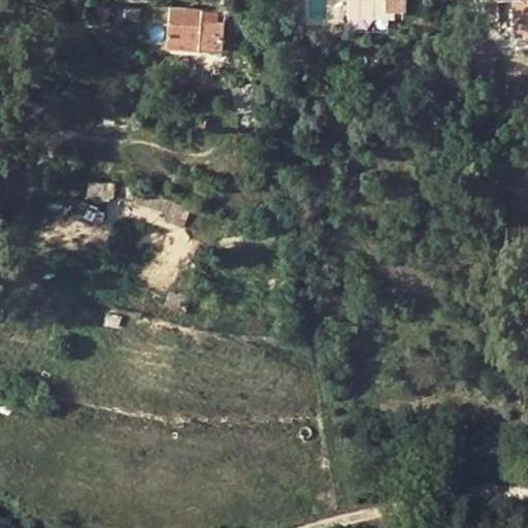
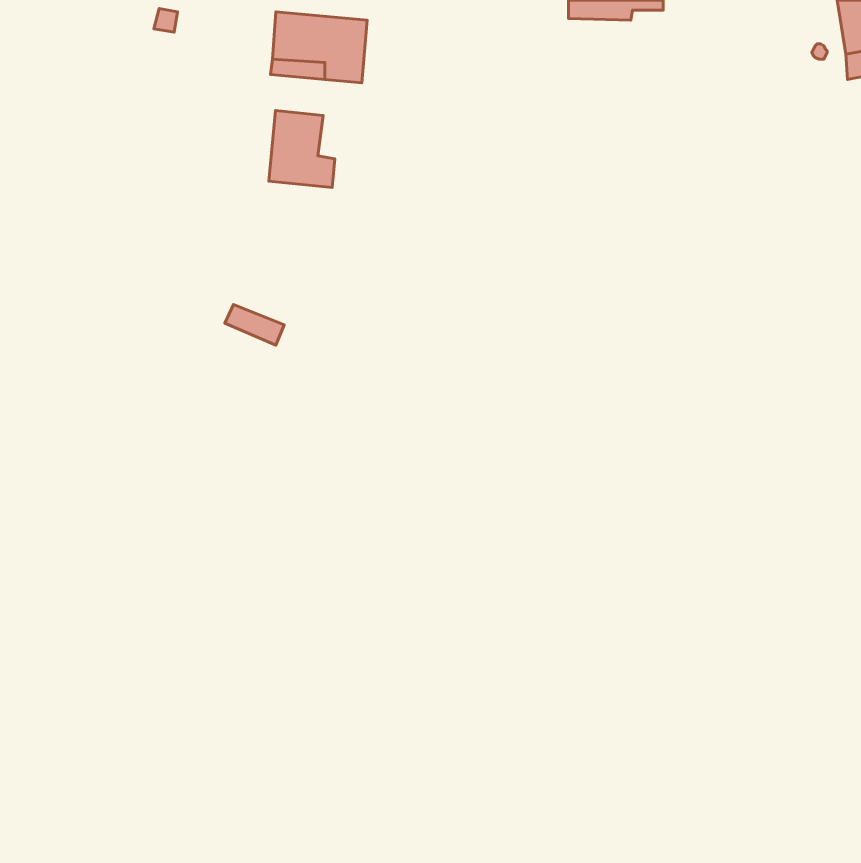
building: none -> [269,110,335,188]

